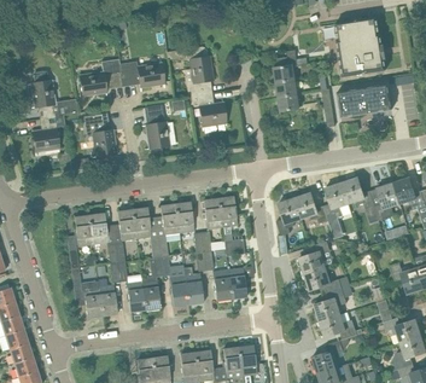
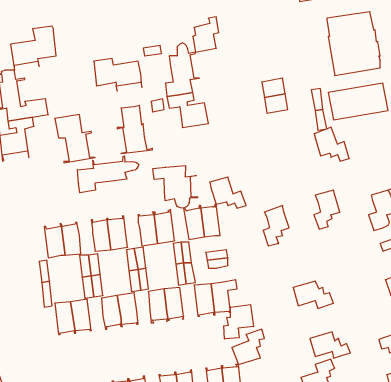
building: [273,50,297,82] -> [193,17,219,52]
building: [80,58,122,99] -> [10,26,56,70]
building: none -> [78,156,139,193]
building: none -> [153,166,198,208]
building: [342,176,374,208] -> [314,127,349,161]
building: [294,192,328,221] -> [210,177,246,208]
building: [299,240,329,273] -> none
building: [314,288,344,320] -> [232,329,264,364]
building: none -> [224,305,254,339]

